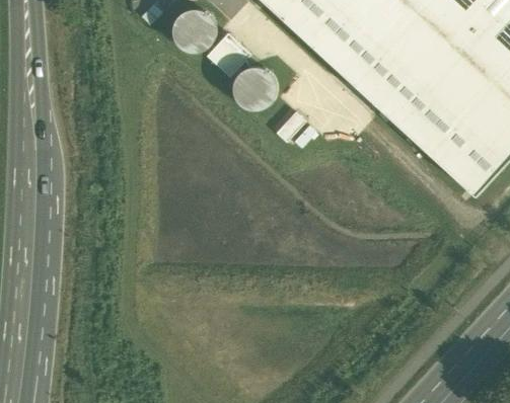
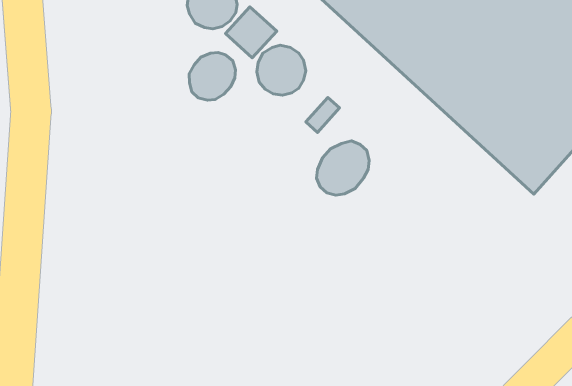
building: none -> [189,52,235,100]
building: none -> [316,141,369,195]

